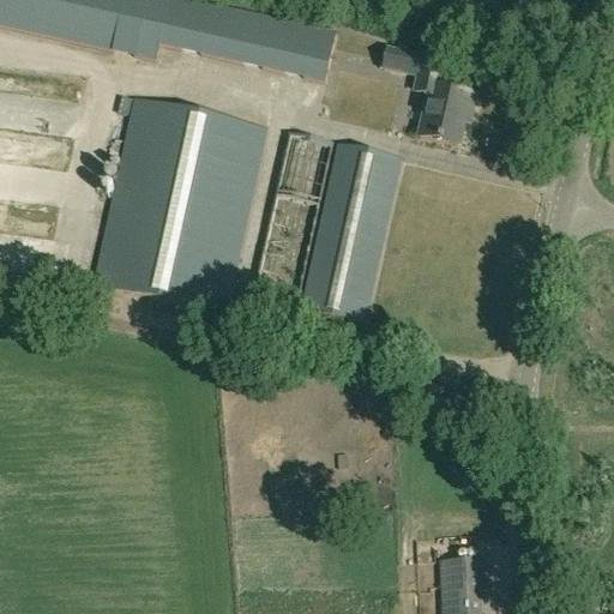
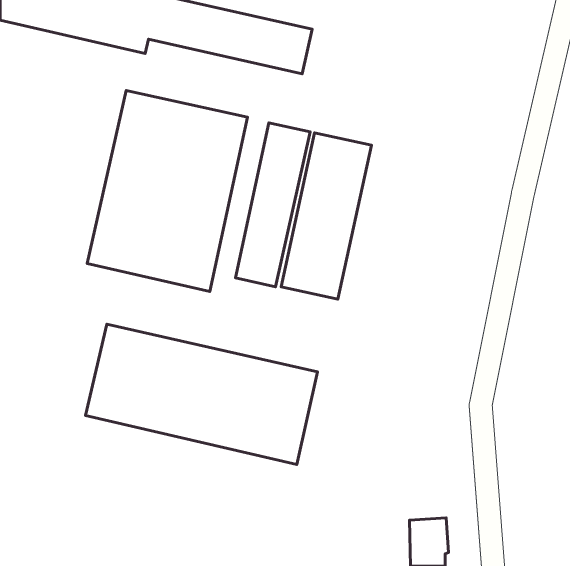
building: [383,46,475,142] -> none
building: none -> [85,324,318,464]

